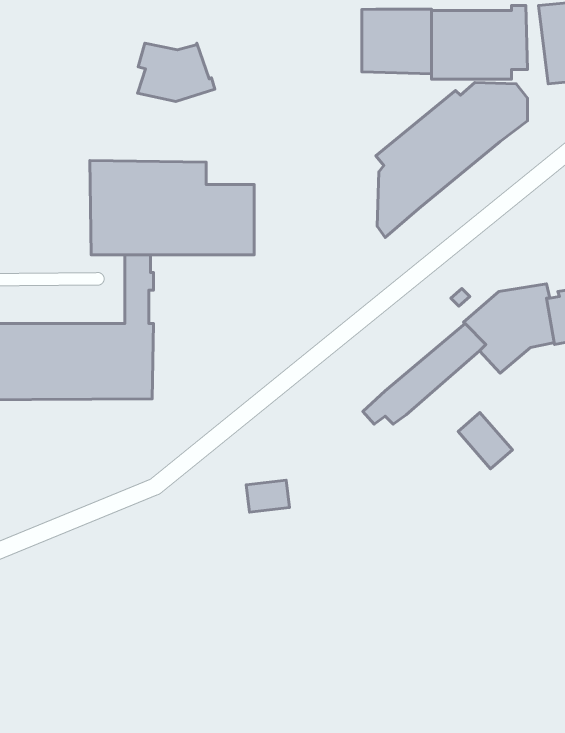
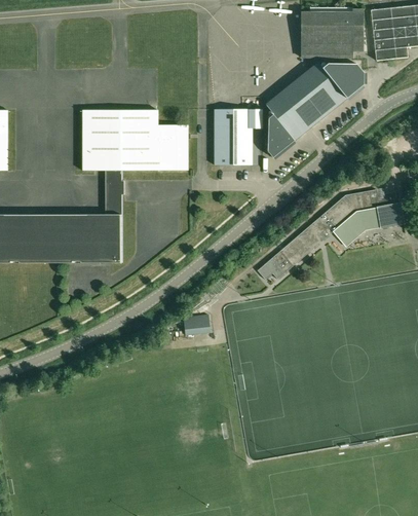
building: [362,9,432,74] -> none
building: [138,43,215,101] -> none
building: none -> [215,110,262,164]
building: [458,412,512,469] -> none

